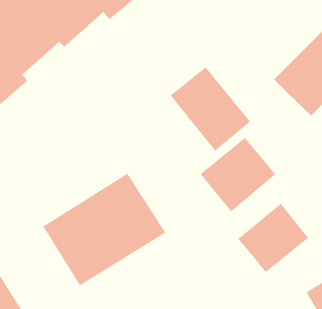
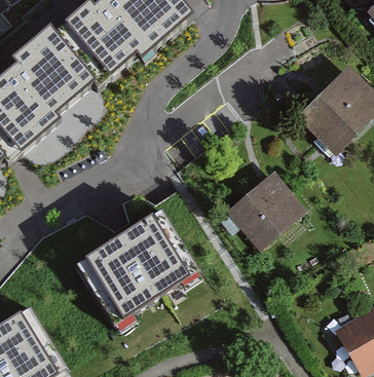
building: [170,67,251,151] -> none
building: [238,203,309,273] -> none

